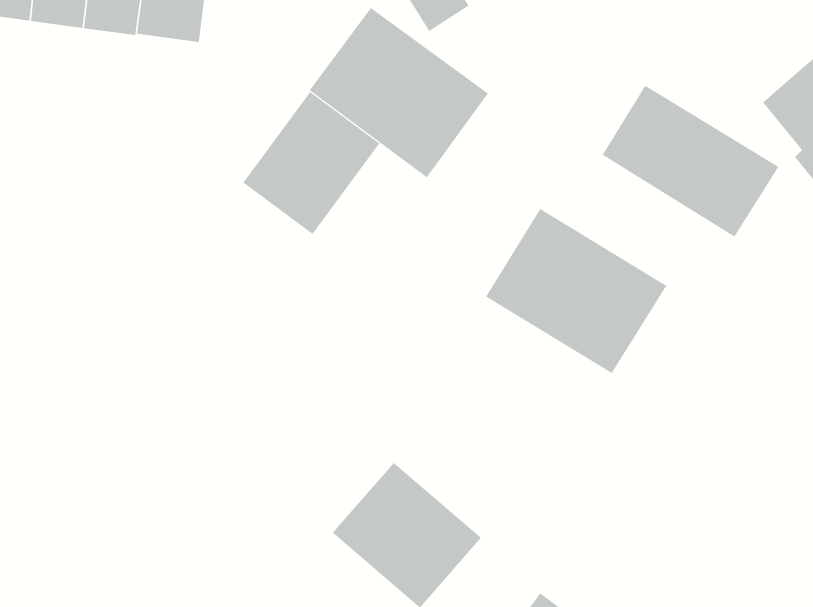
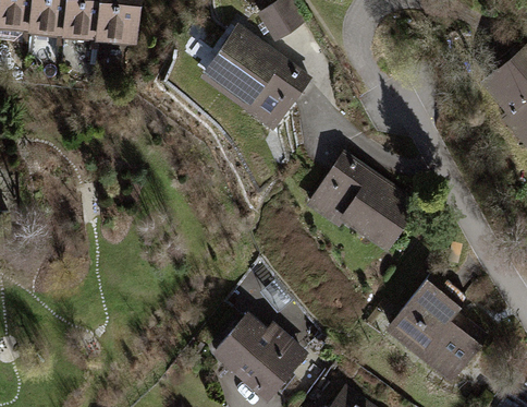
building: [602,85,779,237] -> none
building: [242,91,380,235] -> none
building: none -> [388,272,486,376]

